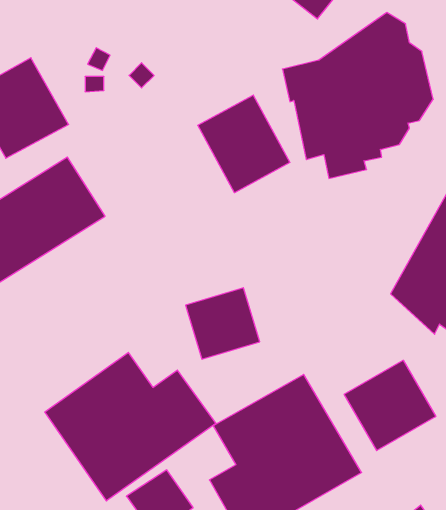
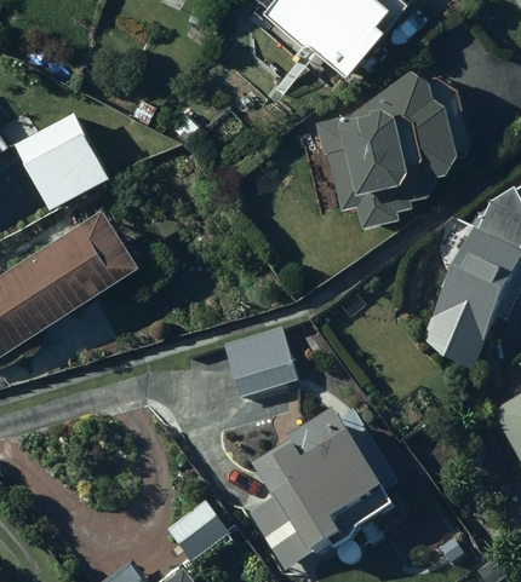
building: [198,95,290,193] -> none
building: [45,352,216,501] -> none
building: [344,360,436,451] -> none

